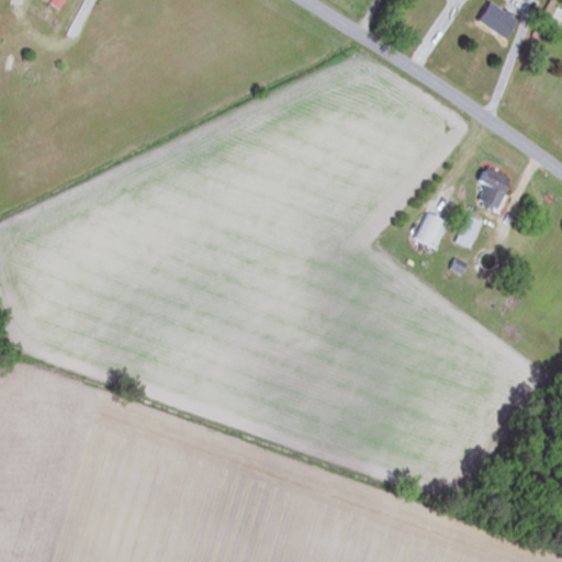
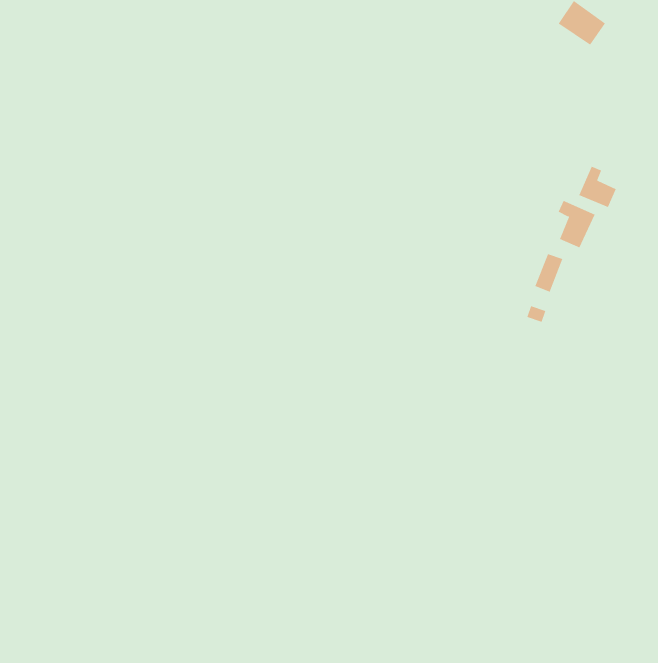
building: none -> [579,166,617,208]
building: [415,212,449,248] -> none

